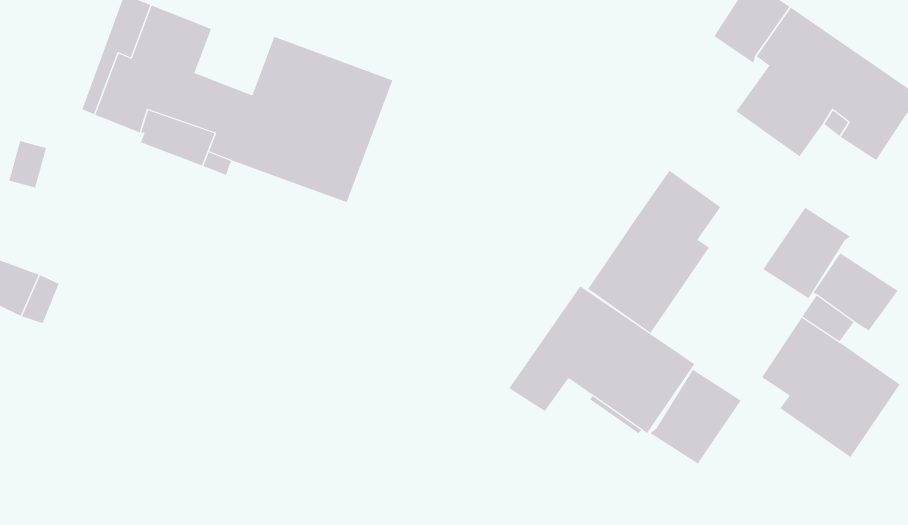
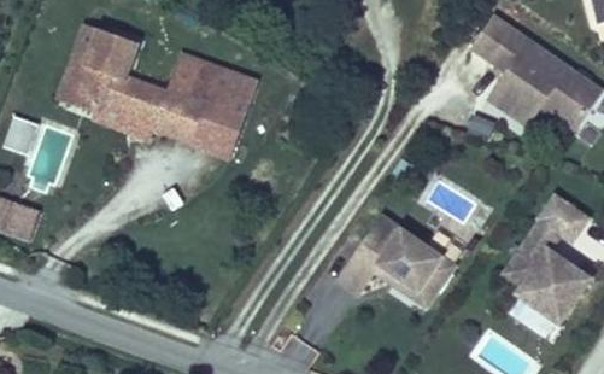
building: [587,170,721,334] -> none
building: [762,207,851,299] -> none
building: [649,369,742,465] -> none

